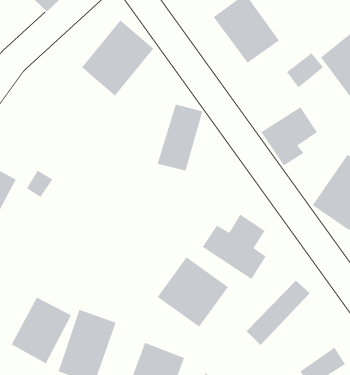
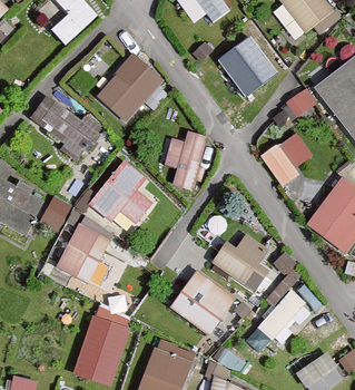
building: none -> [29,94,98,158]
building: none -> [90,160,152,222]
building: [11,297,72,364] -> [56,222,111,283]

